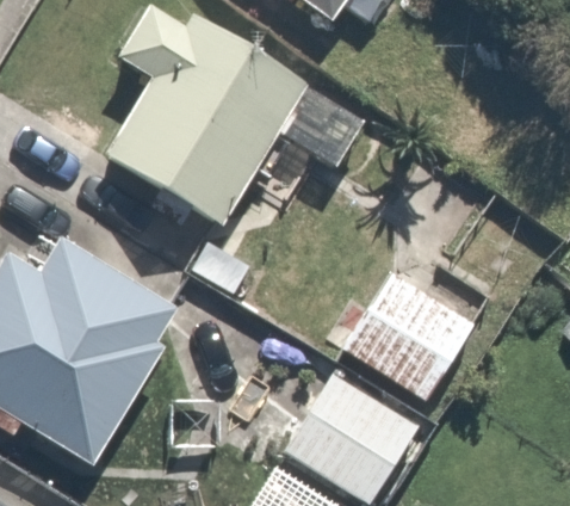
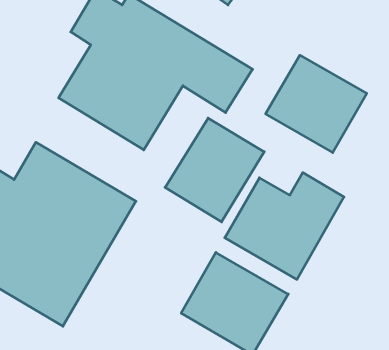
building: none -> [266,55,367,153]
building: none -> [165,118,264,222]

